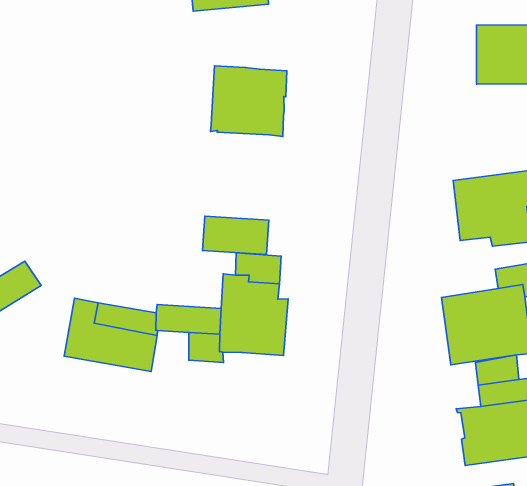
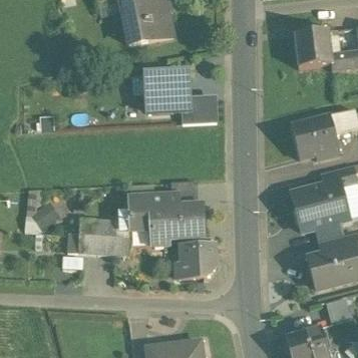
building: none -> [181,95,215,121]
building: [203,216,269,255] -> [126,193,164,215]
building: none -> [174,235,215,277]

